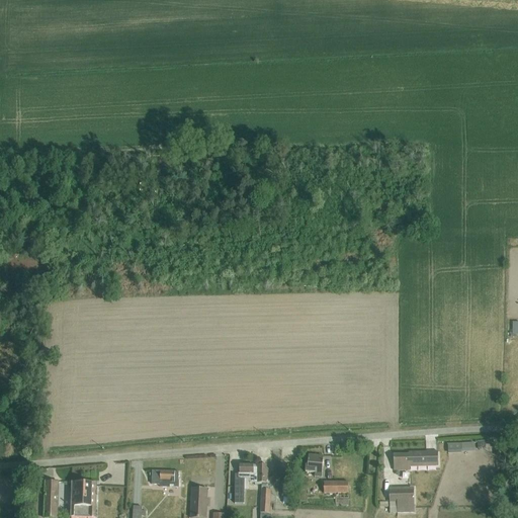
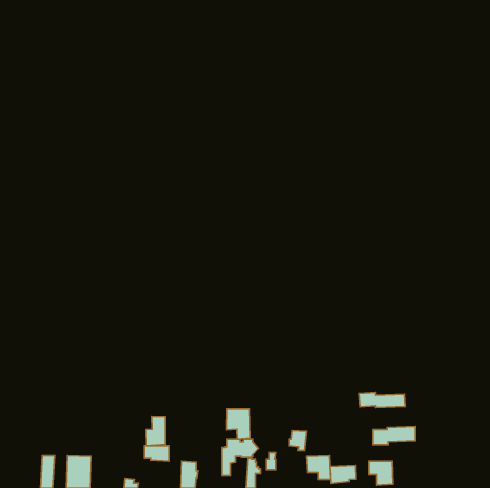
building: none -> [359,393,405,407]
building: none -> [227,409,250,439]
building: none -> [146,417,165,446]
building: none -> [330,465,356,483]

